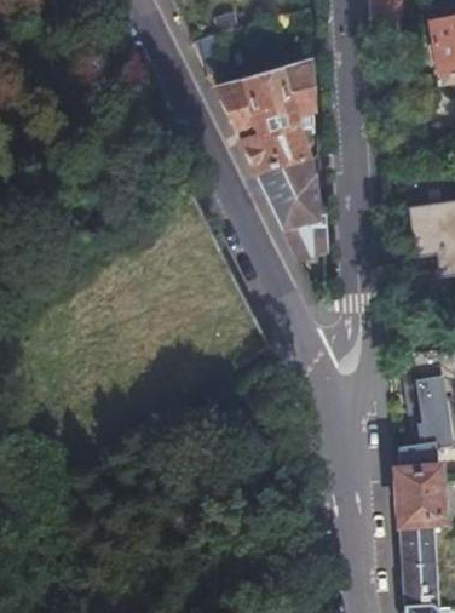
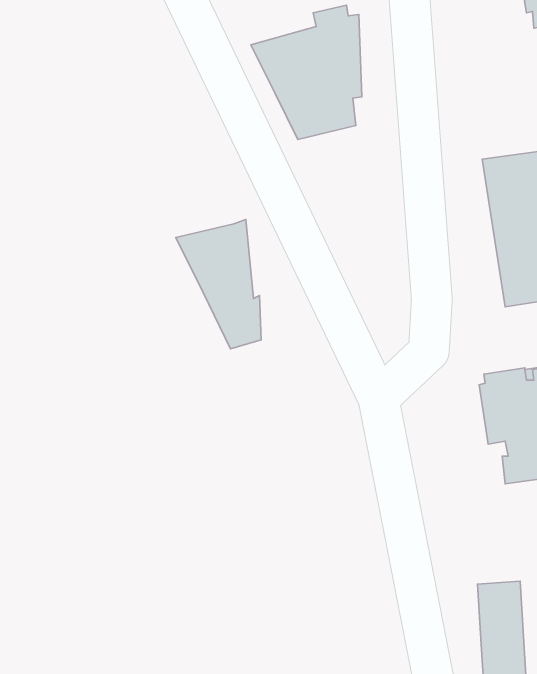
building: [258,156,326,259] -> [176,219,261,349]
building: [397,469,442,525] -> none

